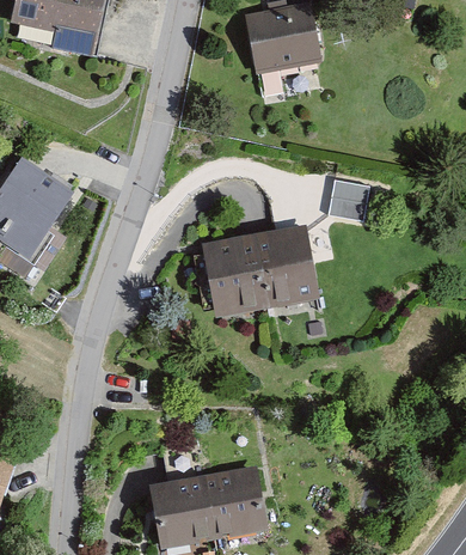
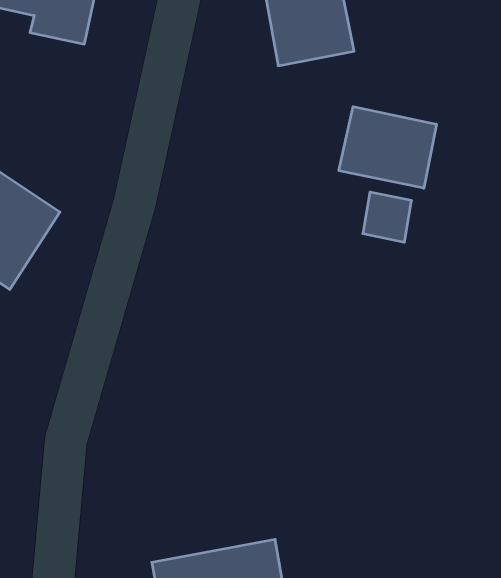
building: none -> [339,107,436,188]
building: [201,227,318,315] -> none

